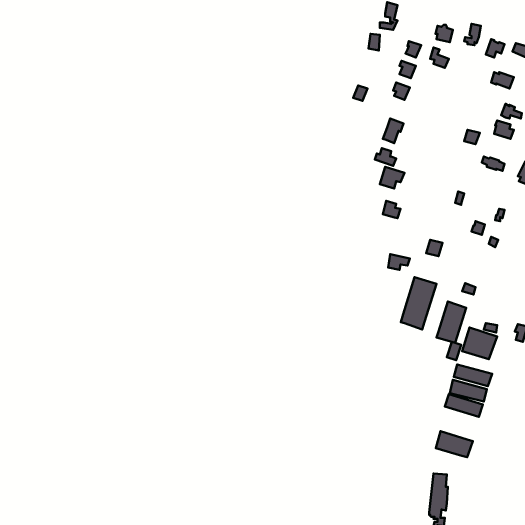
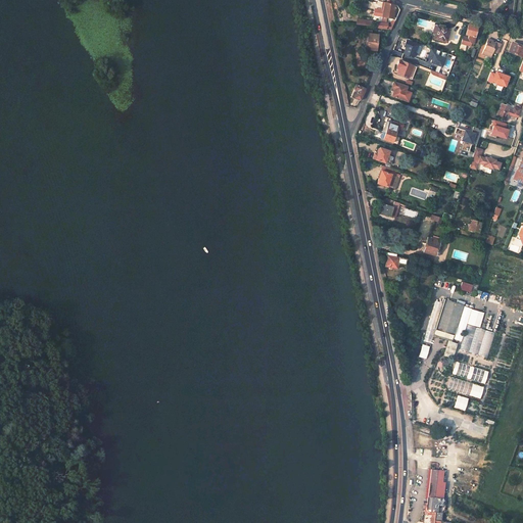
building: [401,277,437,330] -> none
building: [436,431,473,457] -> none

